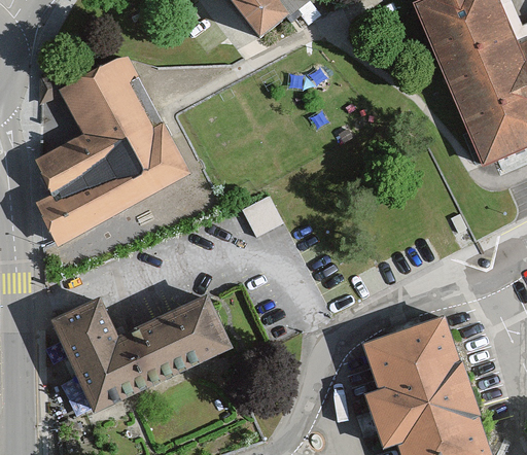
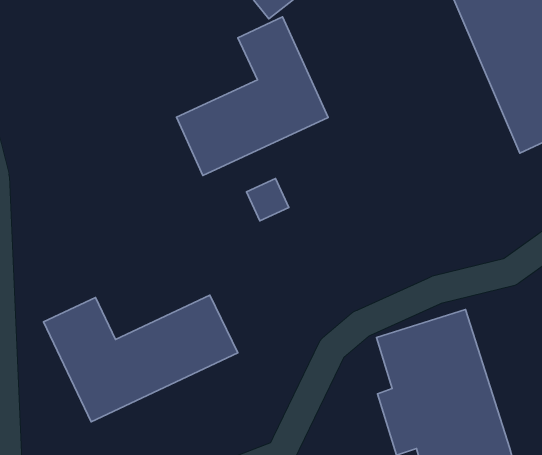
building: none -> [176,17,328,175]
building: [27,47,186,242] -> none

